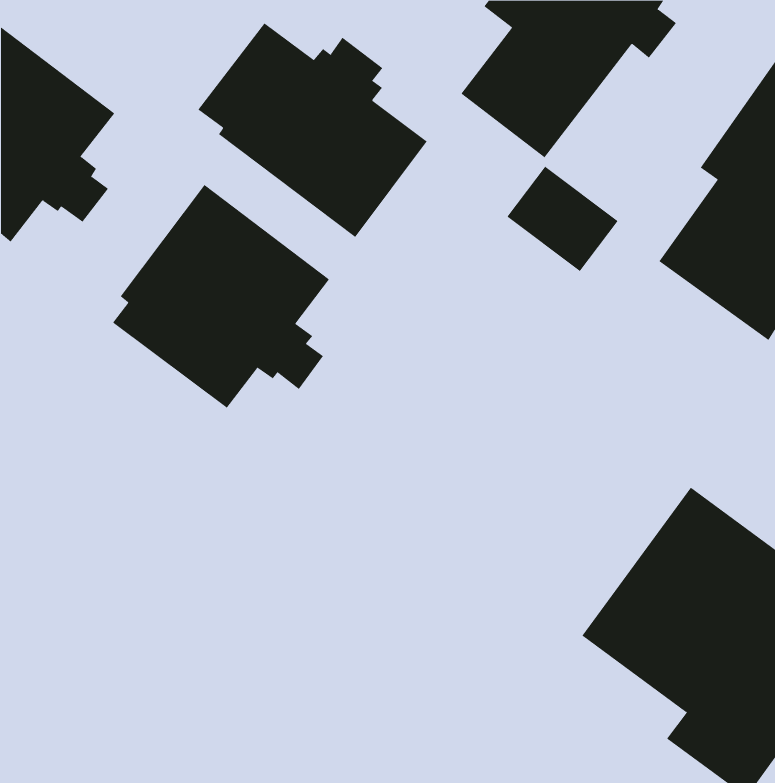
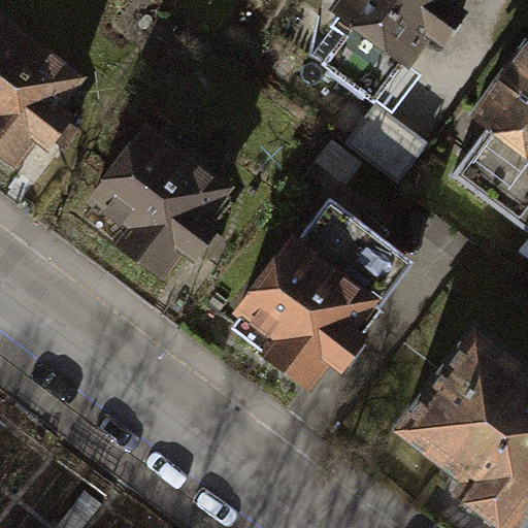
building: [198,23,428,238] -> none
building: none -> [228,194,418,386]

